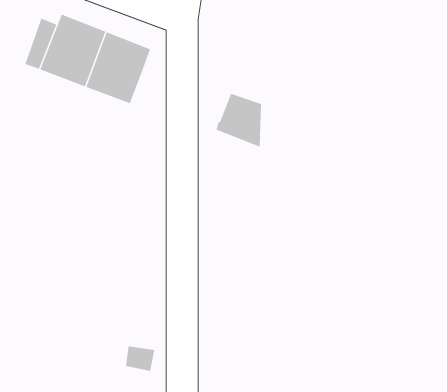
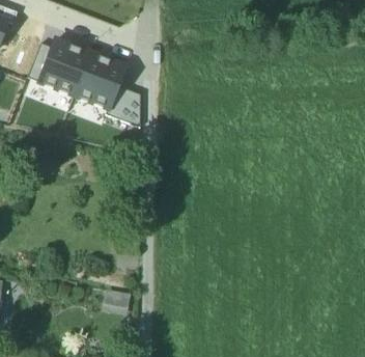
building: [216,93,262,147] -> [106,85,141,127]

